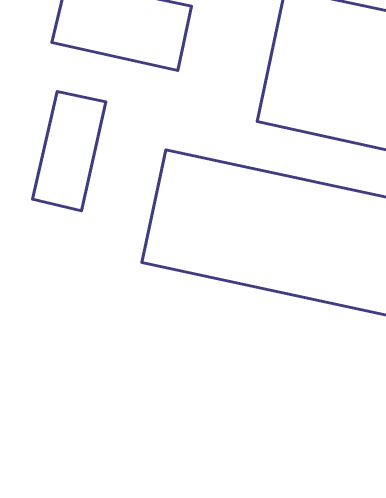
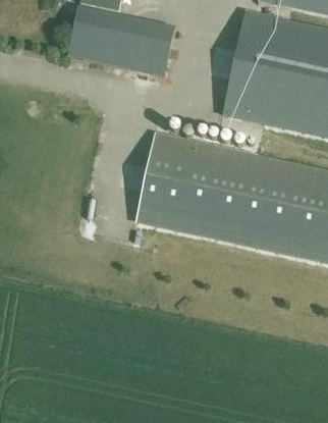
building: [33,92,106,211] -> none

